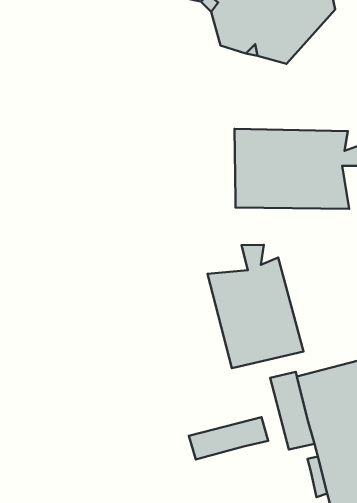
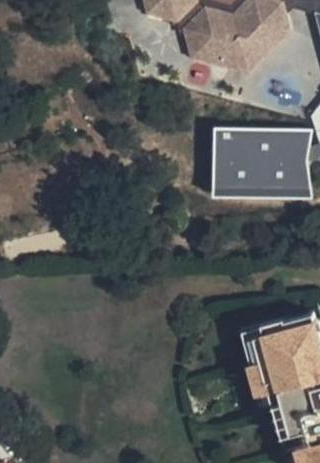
building: [208,245,303,368] -> none
building: [189,417,268,459] -> none

